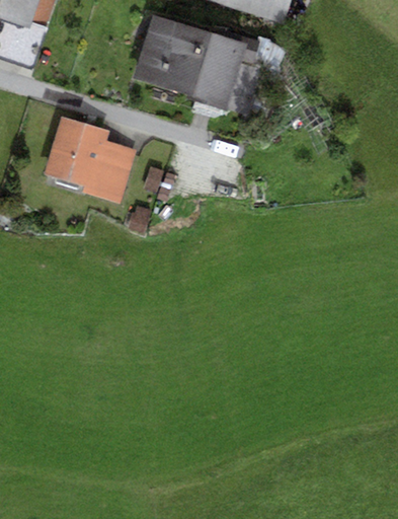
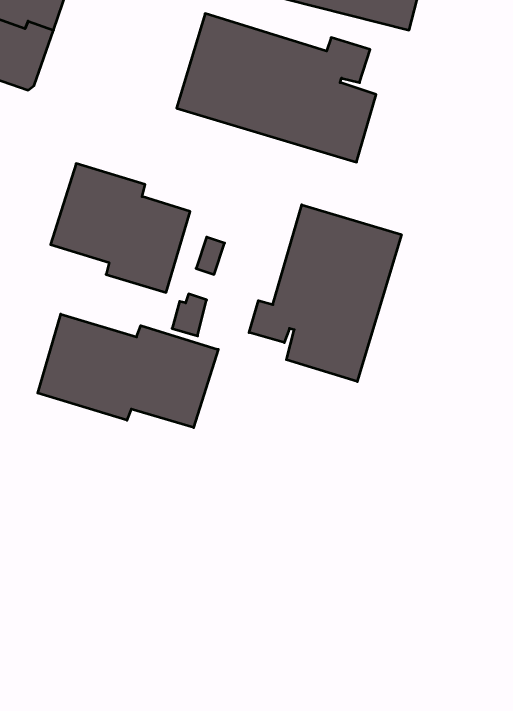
building: none -> [249,205,401,382]
building: none -> [38,314,218,428]

